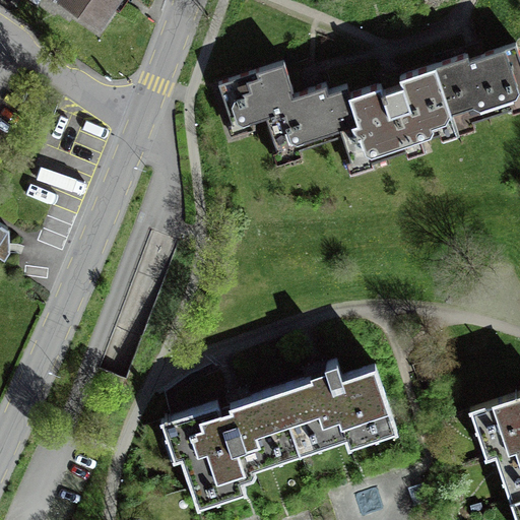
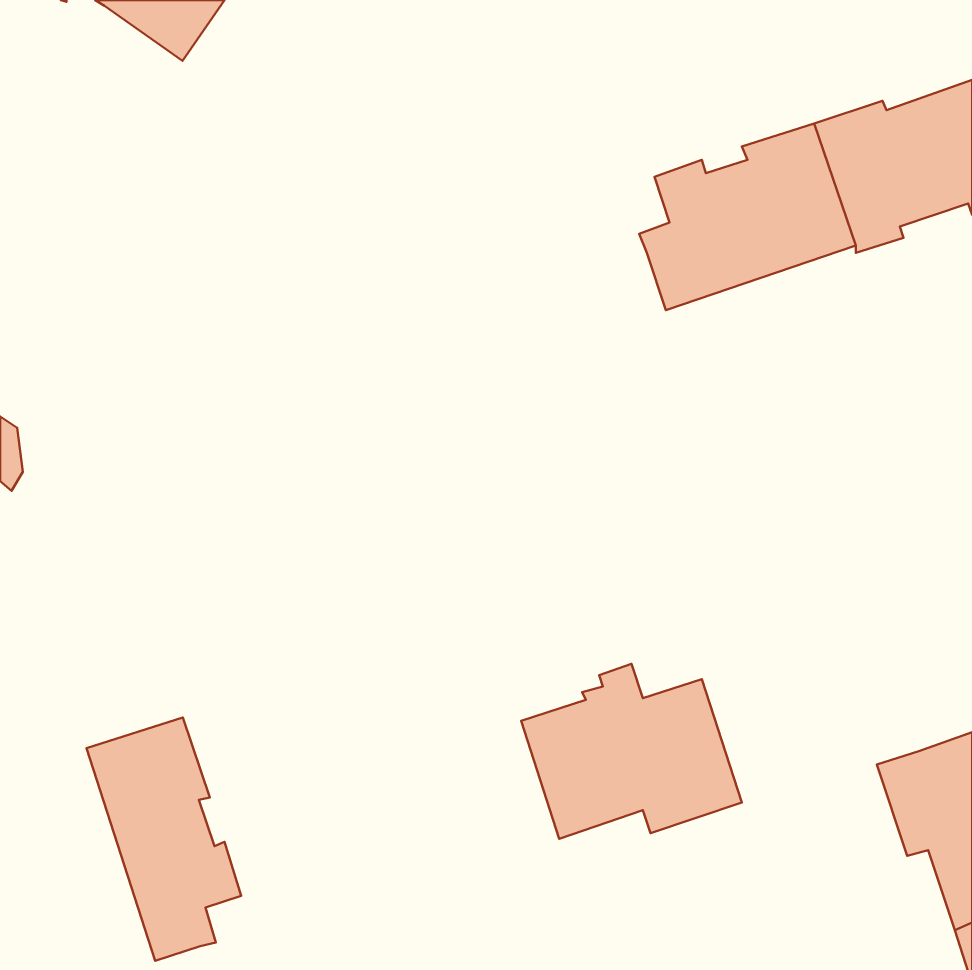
building: [220,66,358,169] -> none
building: none -> [87,717,241,961]
building: [166,386,299,500] -> none

